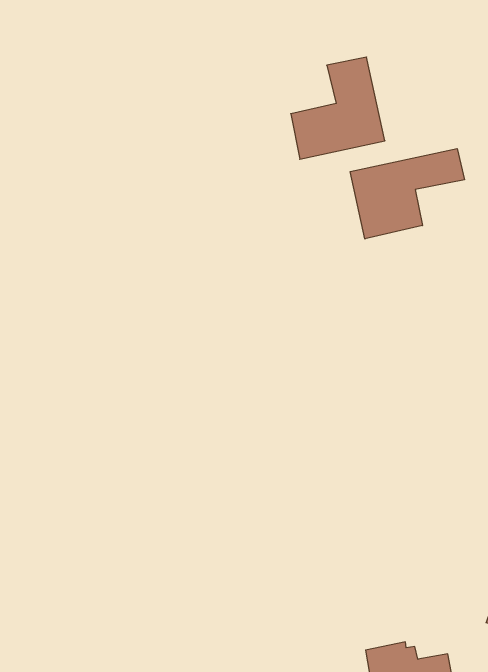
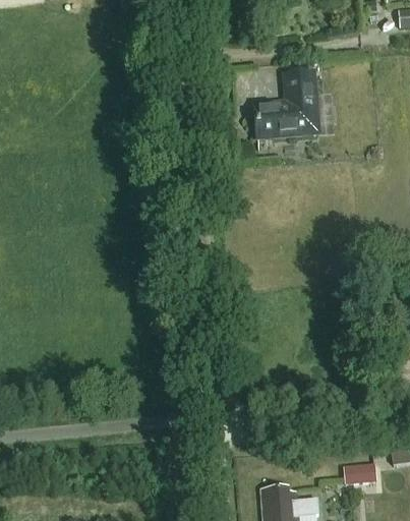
building: [350,149,464,239] -> none

